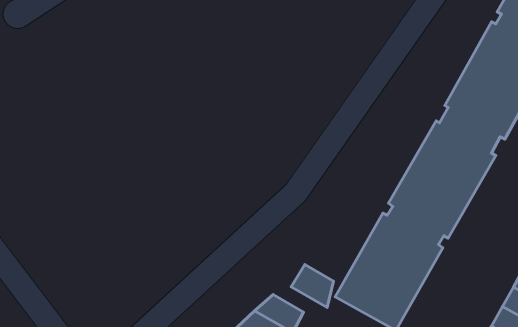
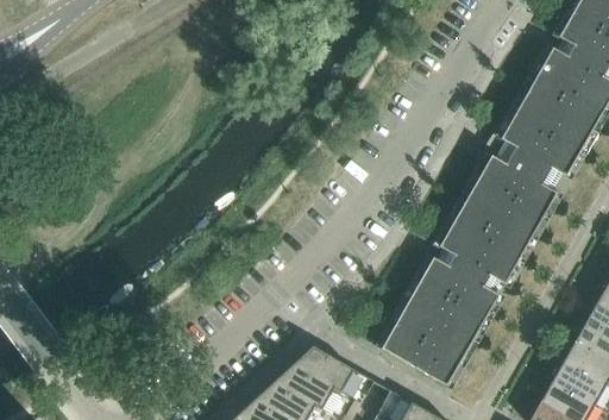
building: [291,265,333,308] -> none

